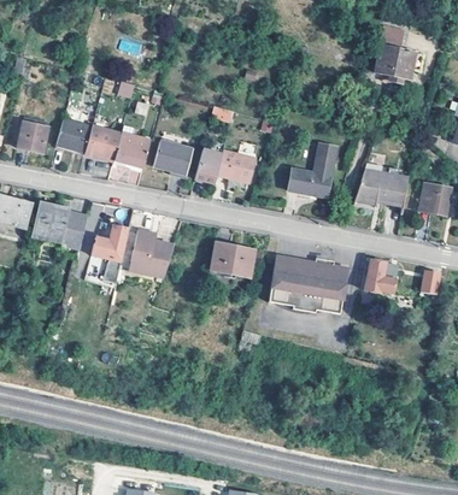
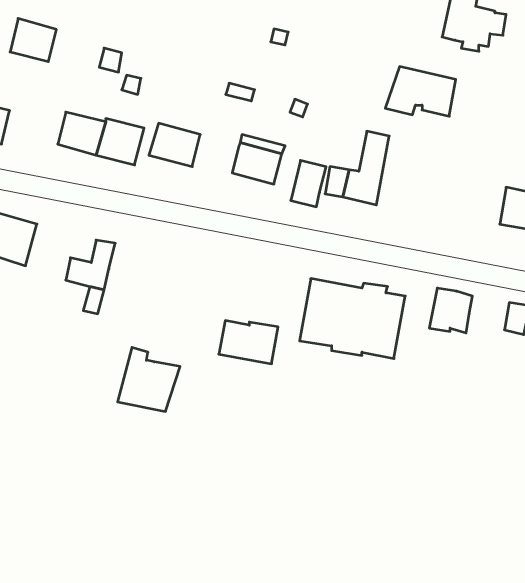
building: [57,119,92,152] -> [10,18,56,62]
building: [195,149,222,184] -> [291,160,326,207]
building: [354,169,407,206] -> [385,67,456,116]
building: [61,212,87,248] -> none
building: [128,228,175,276] -> [118,347,180,411]
building: [211,244,256,277] -> [219,321,278,364]

